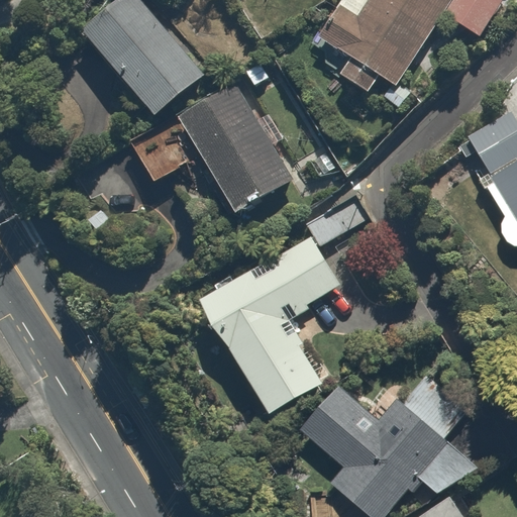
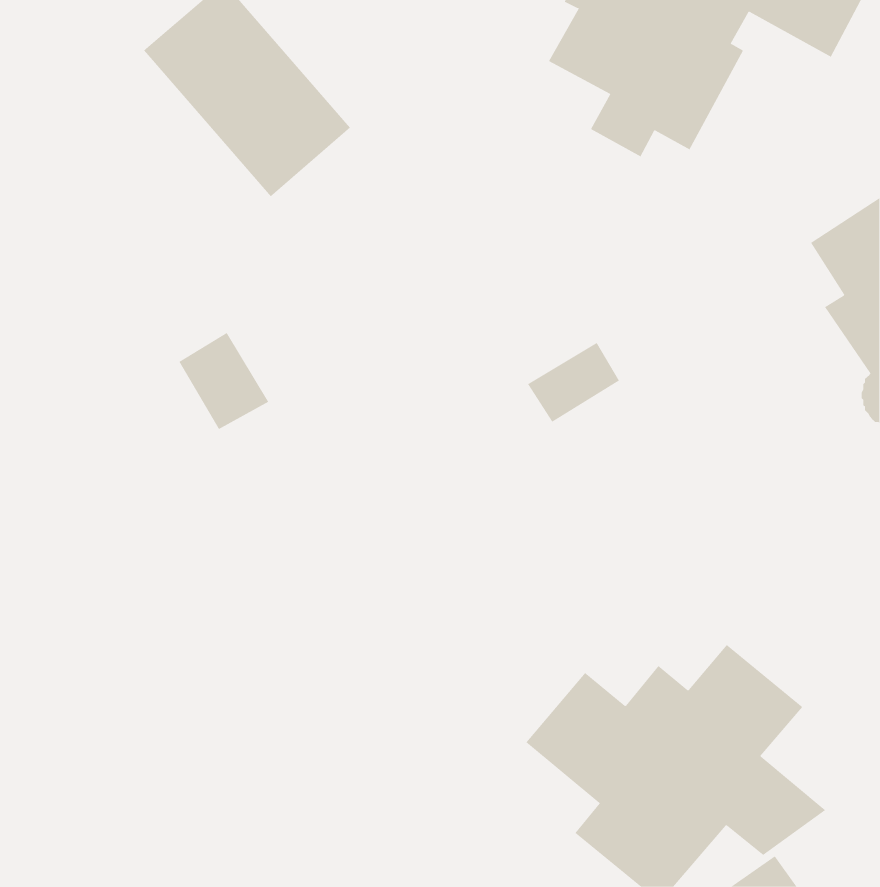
building: [176,82,290,212] -> none
building: [131,123,184,180] -> [178,332,269,430]
building: [203,235,338,414] -> none

